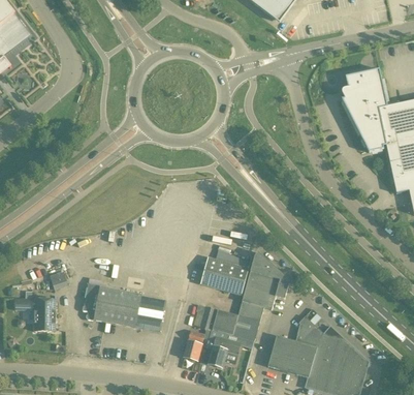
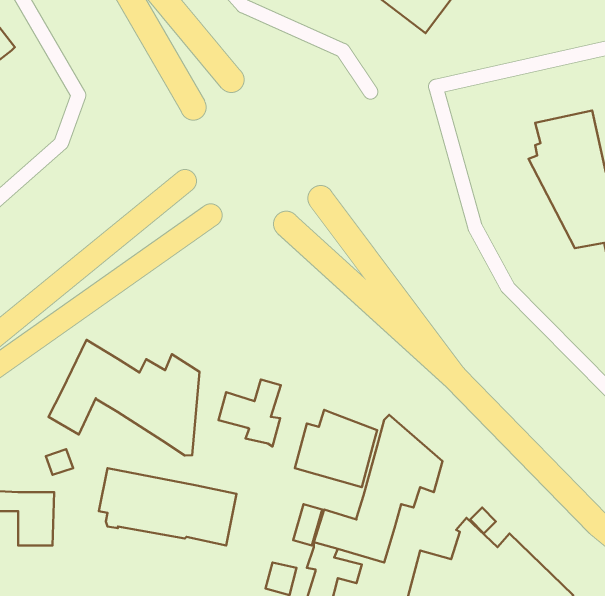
building: none -> [49,340,200,455]
building: none -> [218,379,281,446]

